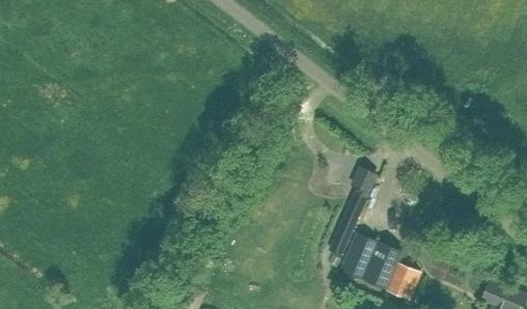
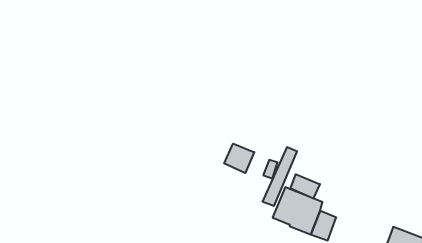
building: none -> [224,144,254,173]
building: none -> [290,174,320,198]

